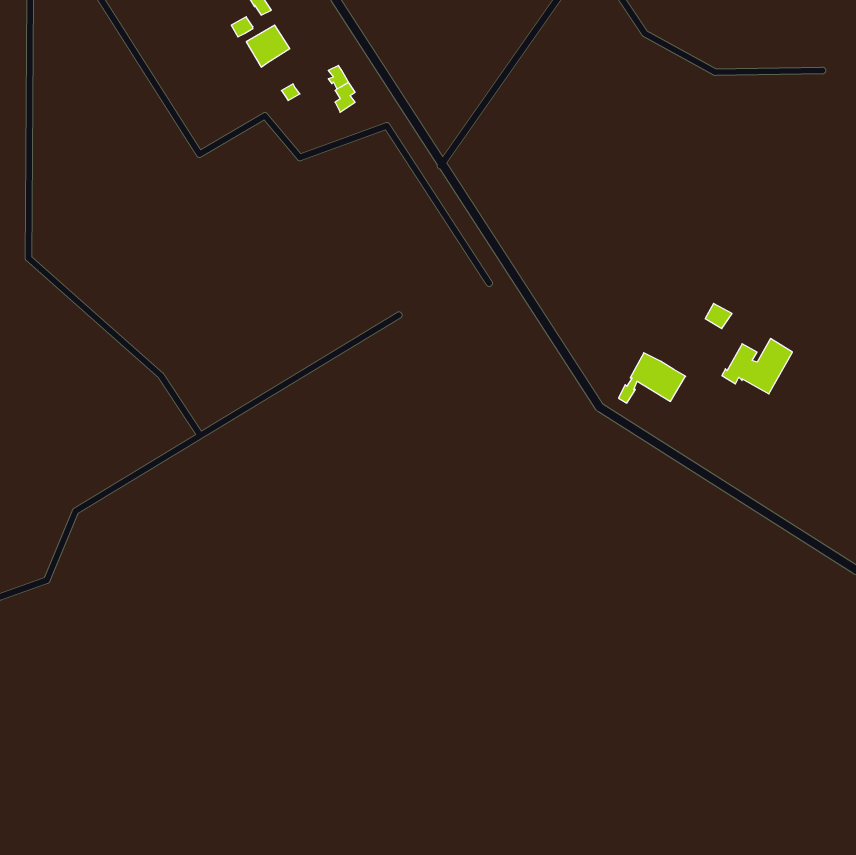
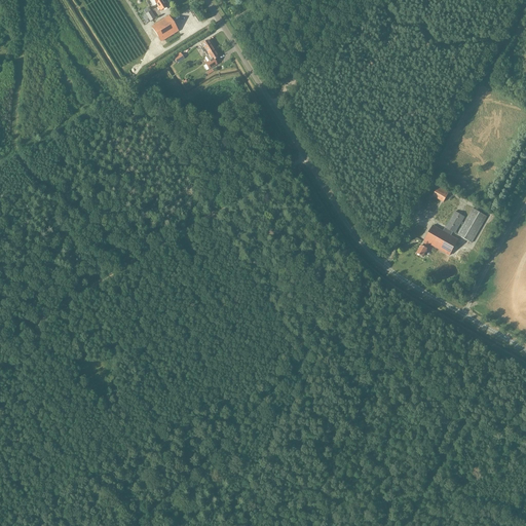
building: [619,353,686,403] -> [417,225,458,256]

